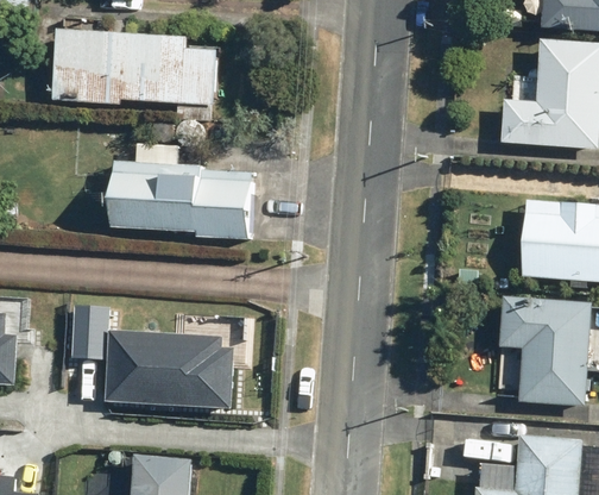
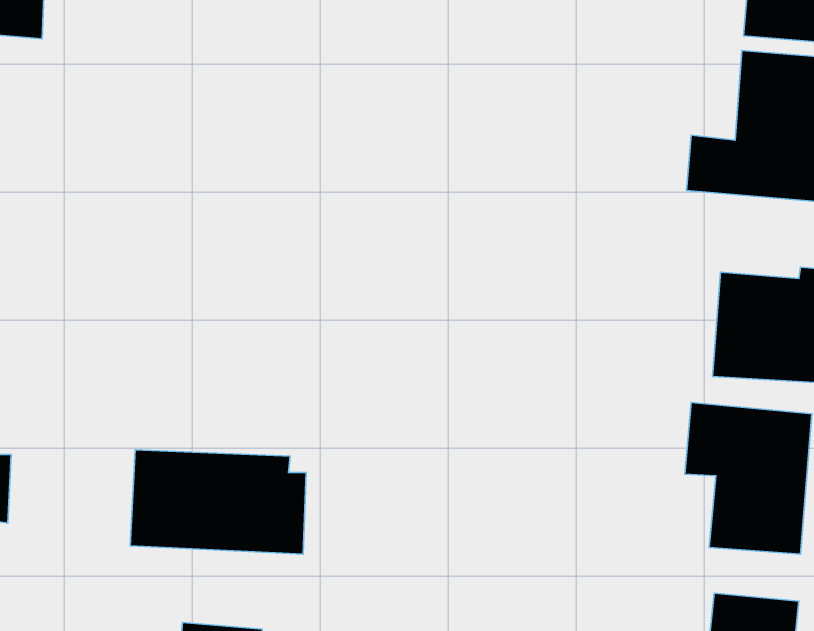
building: [53,30,216,118] -> none
building: [112,144,250,238] -> none

